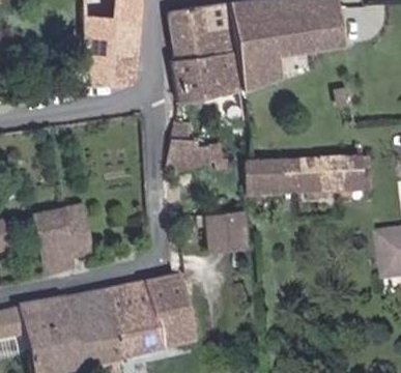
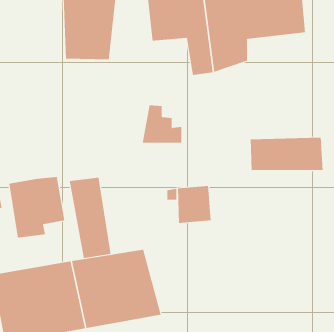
building: [171,56,220,99] -> none
building: [248,163,282,196] -> none
building: none -> [69,177,111,259]

